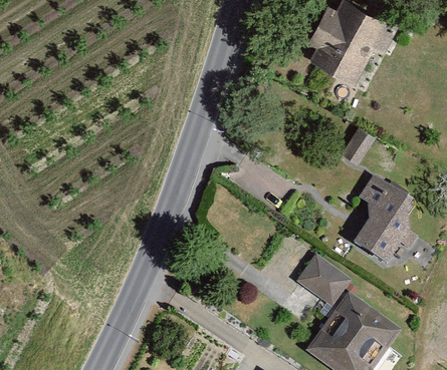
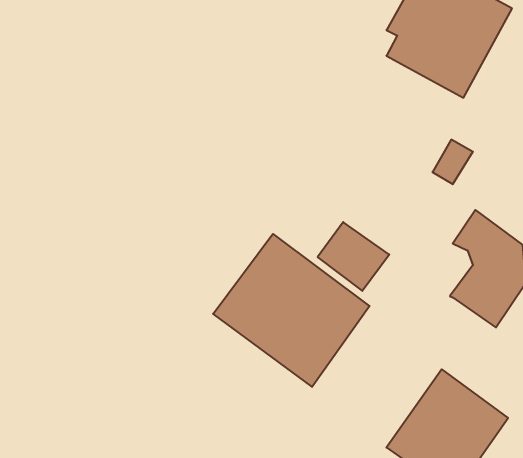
building: none -> [213,234,370,387]
building: [295,254,349,305] -> [318,222,389,291]

